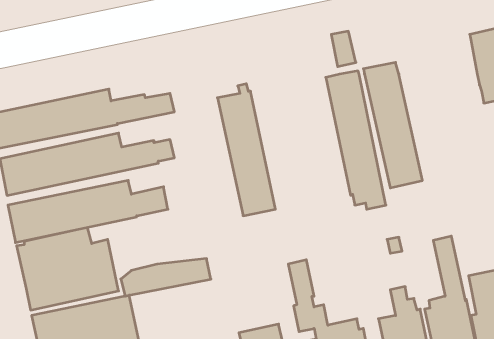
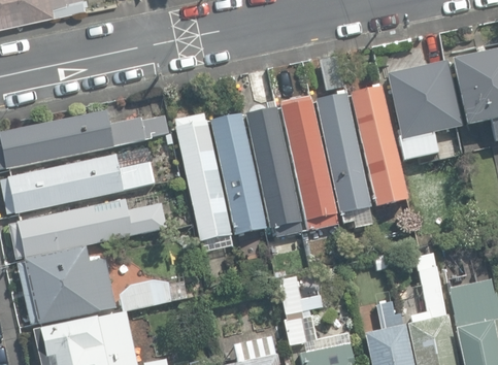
building: none -> [388,61,461,159]
building: none -> [281,95,337,229]
building: none -> [245,99,302,239]
building: none -> [174,111,232,252]

